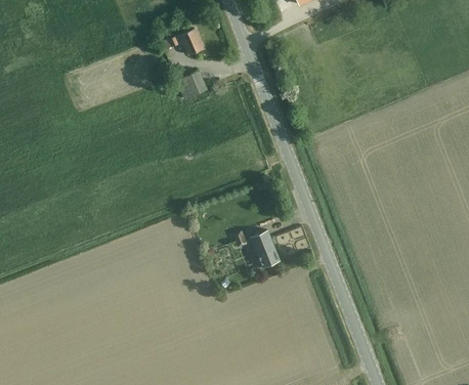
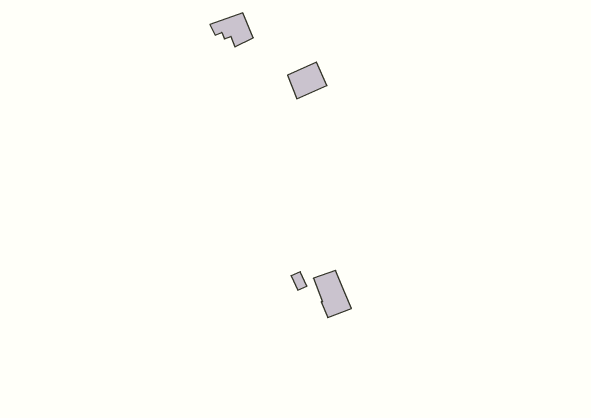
building: [177,71,208,99] -> [288,62,327,99]

